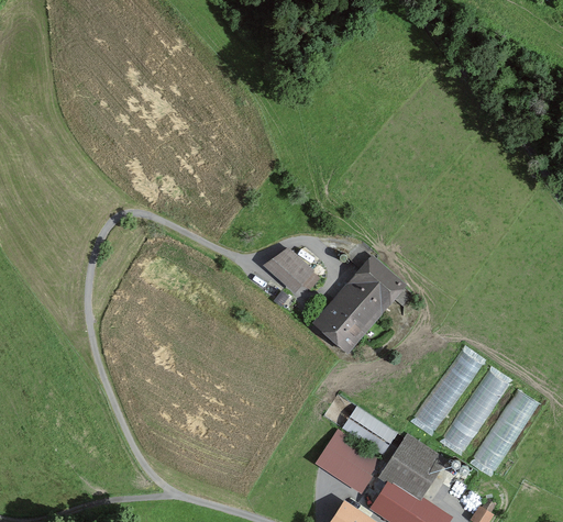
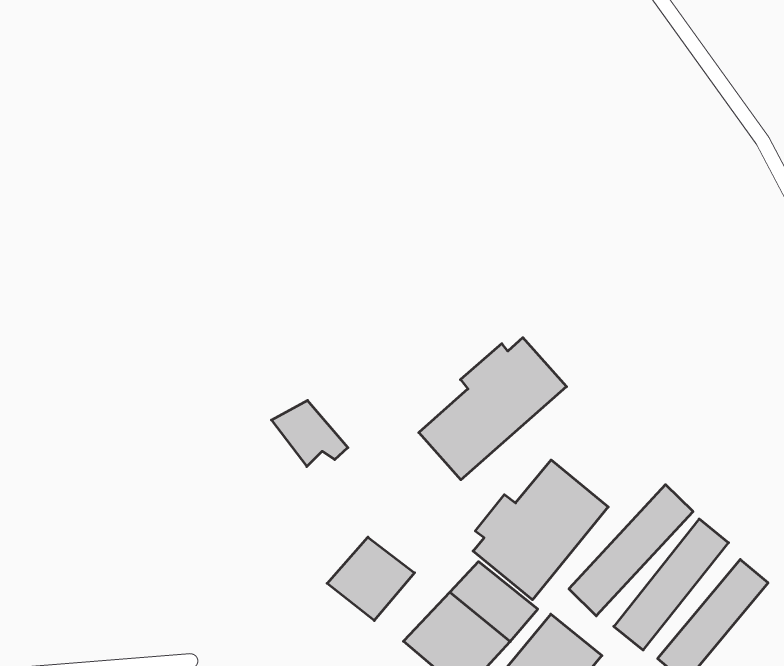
building: [263,249,314,292] -> [271,400,348,467]
building: none -> [473,460,608,600]
building: none -> [327,537,415,621]

